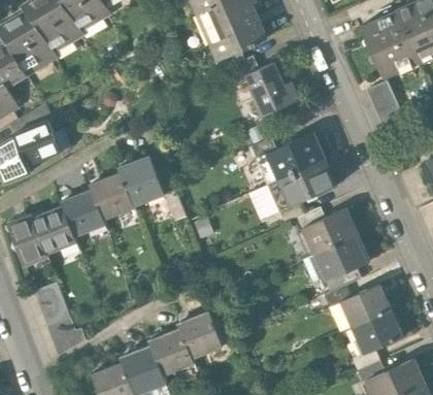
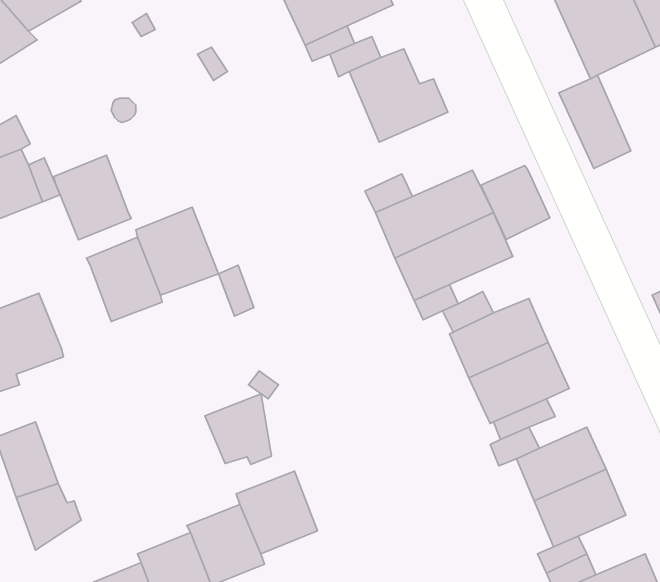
building: none -> [481,166,550,240]
building: [59,190,104,239] -> [54,155,131,240]
building: none -> [205,394,272,464]

